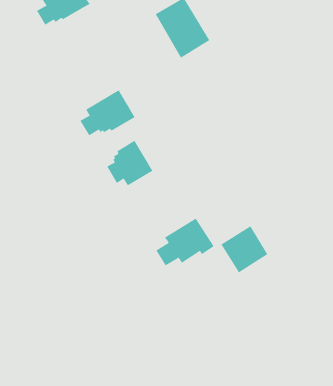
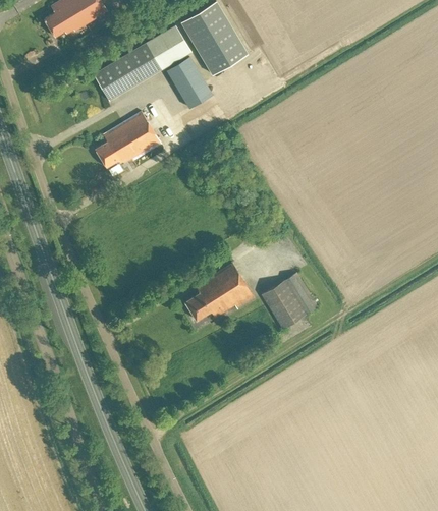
building: none -> [93,23,190,99]
building: none -> [166,56,212,109]
building: [107,140,153,186] -> none

